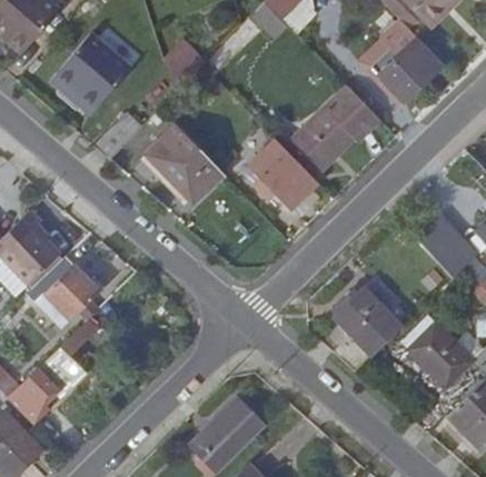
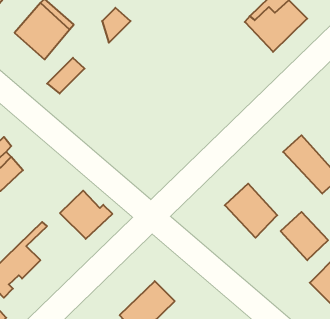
building: [292,83,379,167] -> none
building: [147,122,225,201] -> none
building: [248,126,318,209] -> none
building: [37,262,107,327] -> [60,191,112,239]

